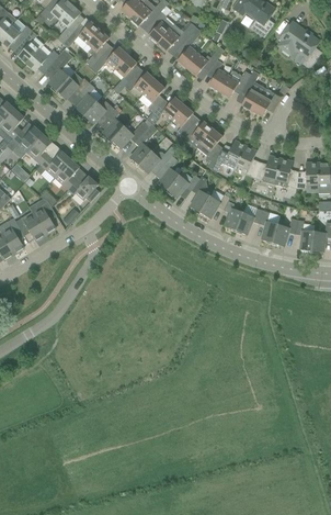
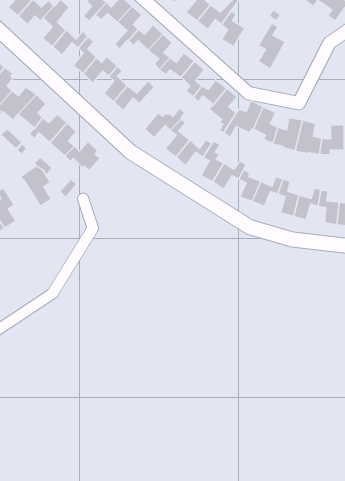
building: [219,69,251,98] -> none
building: [252,87,283,116] -> none
building: [130,123,157,165] -> none
building: [15,211,46,240] -> none

